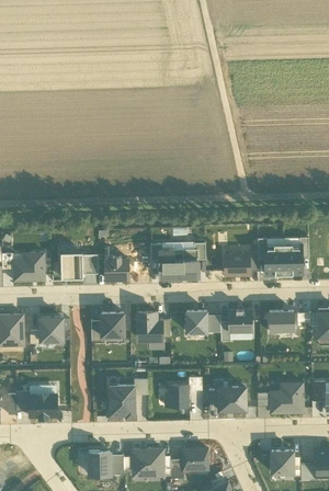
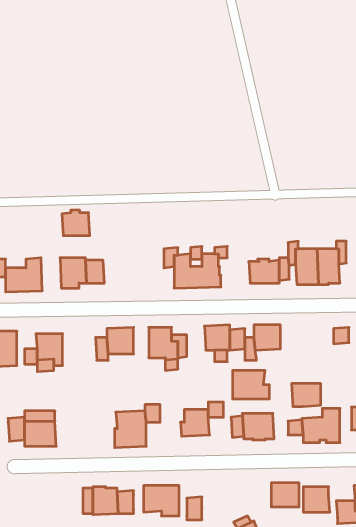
building: [104,256,128,278] -> [62,210,90,236]
building: [268,311,293,331] -> [292,384,321,406]
building: none -> [233,370,269,399]
building: [182,448,206,469] -> [271,483,299,507]

